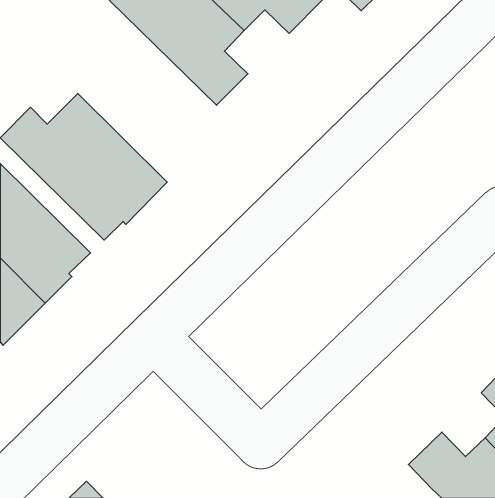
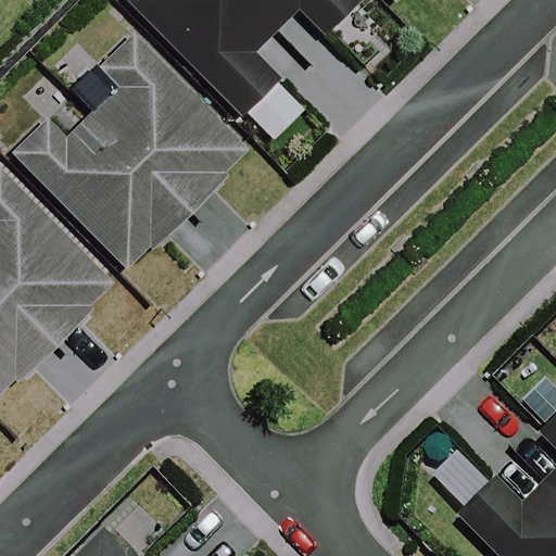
building: none -> [94,31,243,201]

